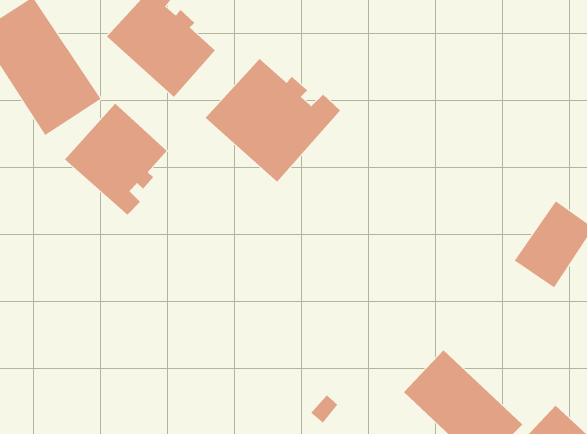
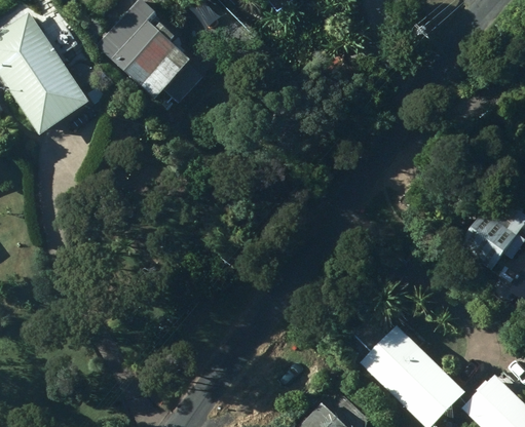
building: [205,58,341,183] -> none
building: [64,103,167,216] -> none

